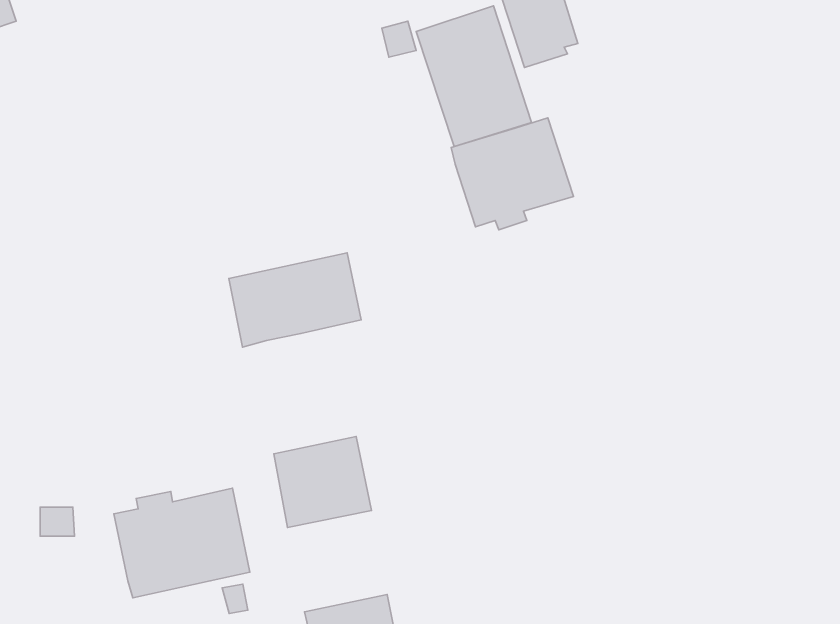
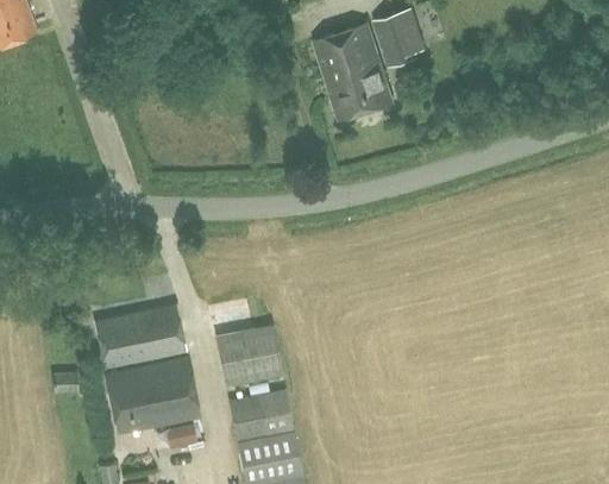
building: [451,118,573,230] -> none
building: [229,253,361,347] -> [94,304,186,370]
building: none -> [227,389,287,432]

